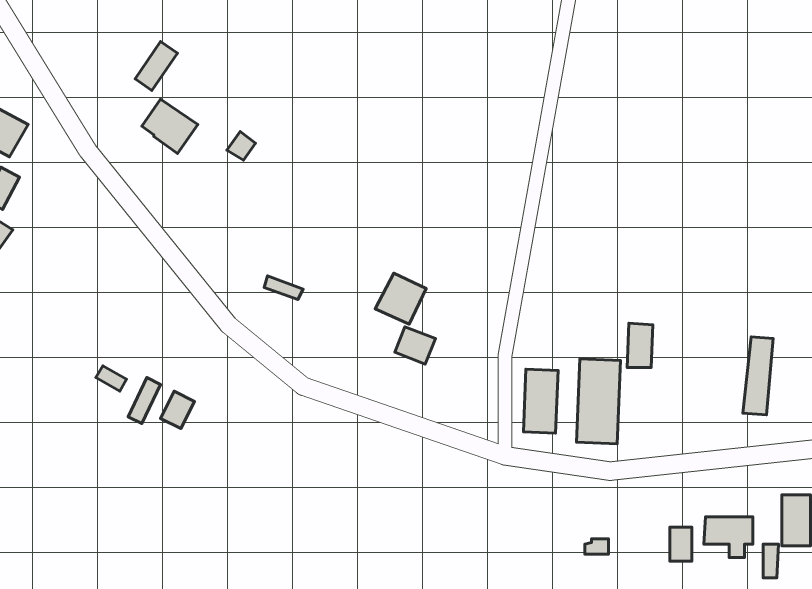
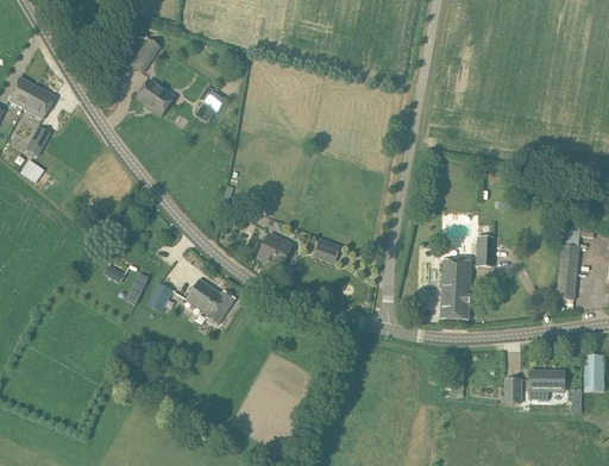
building: [375,273,426,324] -> [257,232,293,267]
building: [523,369,558,433] -> none
building: none -> [187,278,234,322]

